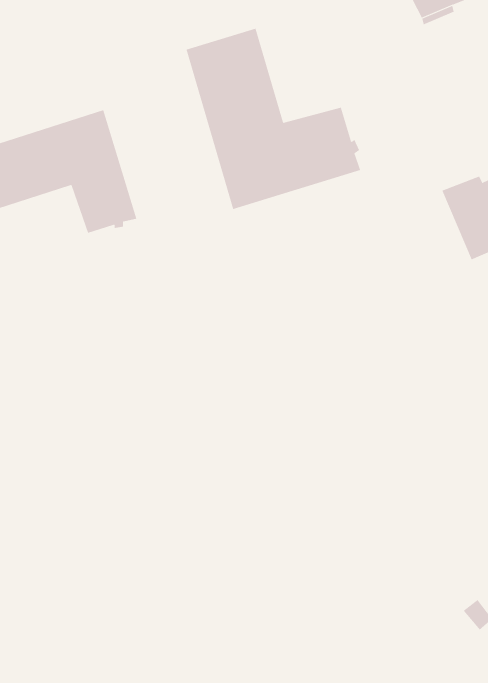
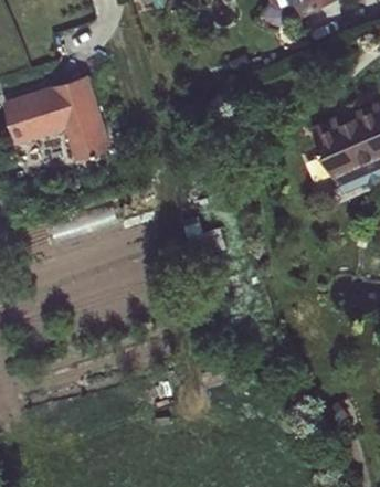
building: [186,28,361,210] -> none

